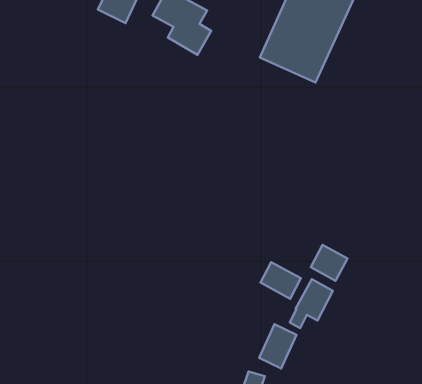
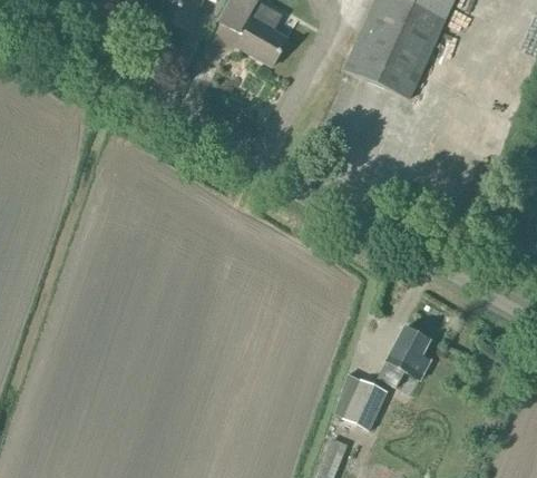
building: [311,245,347,281] -> none
building: [260,262,301,299] -> none

